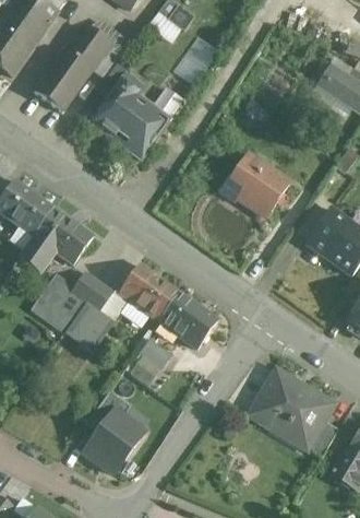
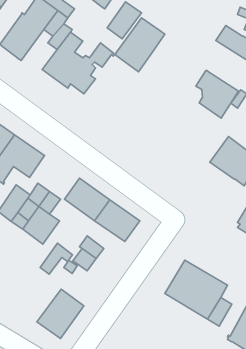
building: none -> [115,18,165,72]
building: [233,154,289,216] -> [196,70,239,118]
building: [86,391,129,432] -> [40,243,73,274]

